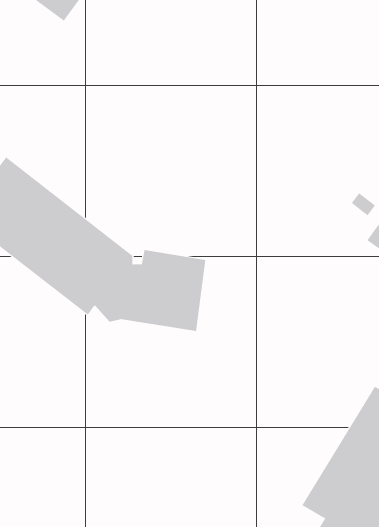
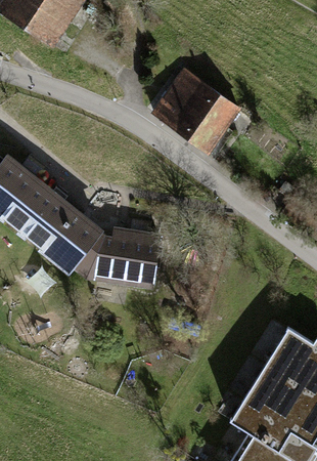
building: none -> [151,69,237,149]

